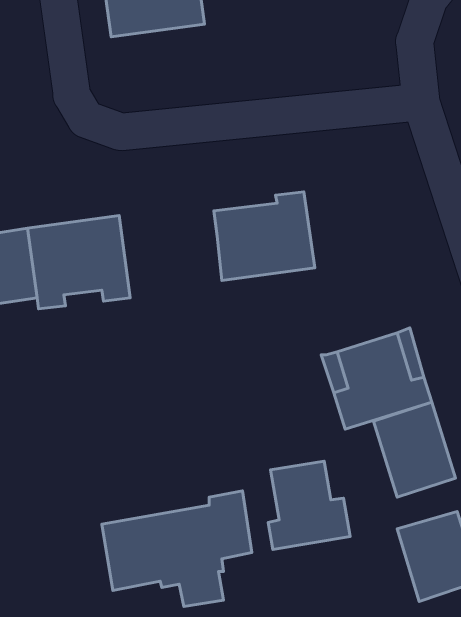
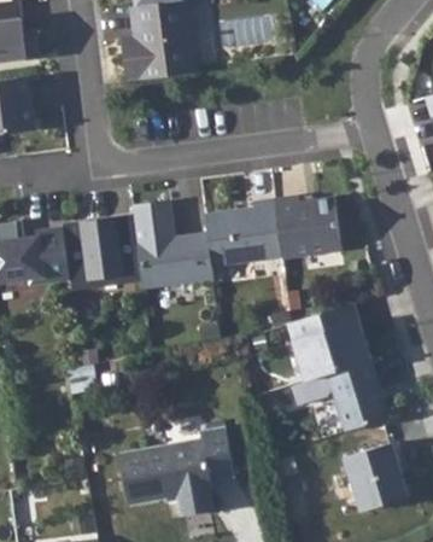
building: none -> [273,196,339,258]
building: none -> [130,200,212,289]
building: [268,461,350,549] -> none

